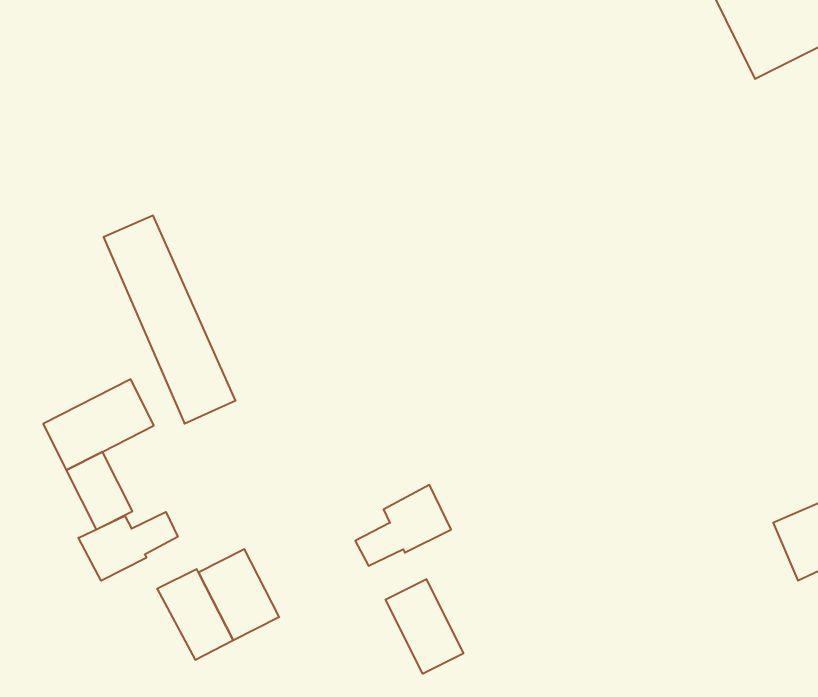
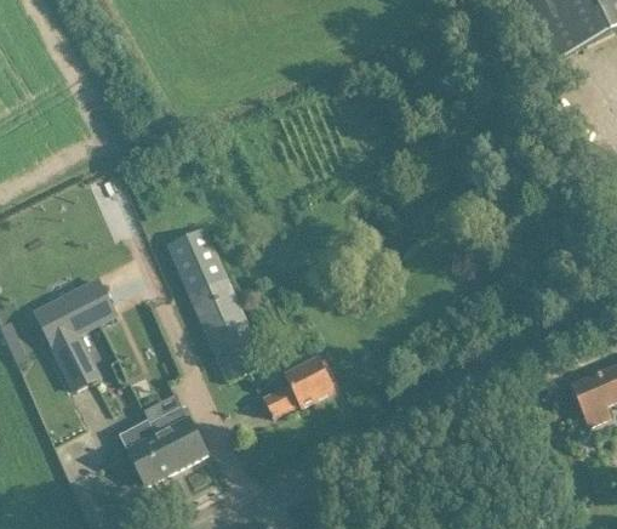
building: [104,216,236,424] -> [167,227,264,380]
building: [78,512,178,581] -> none
building: [386,579,463,674] -> none

